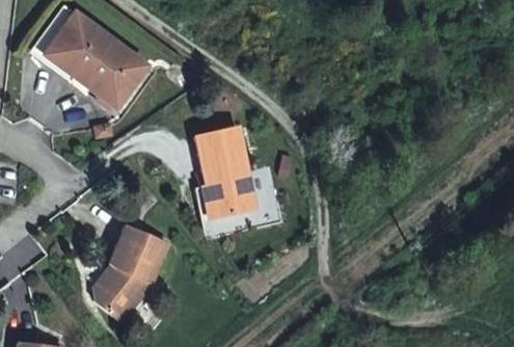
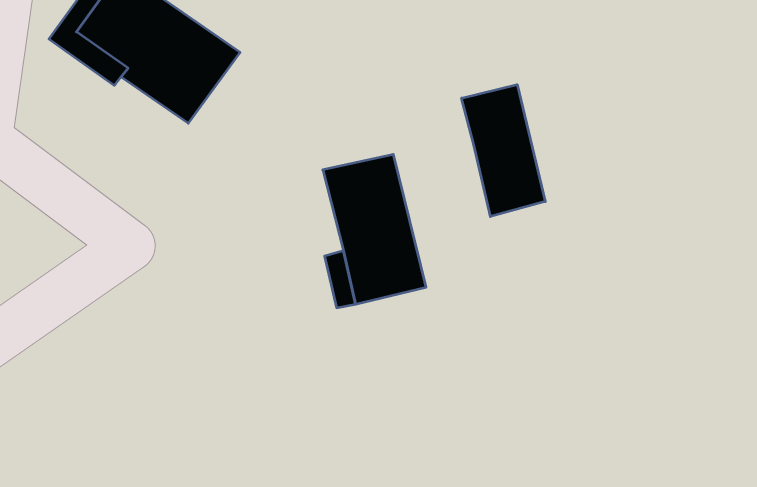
building: none -> [462,85,545,217]
building: [94,225,172,321] -> none

